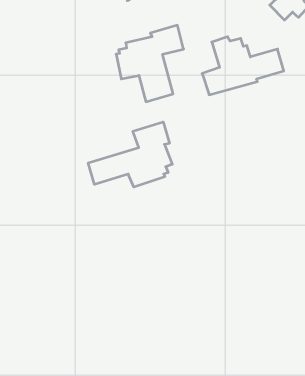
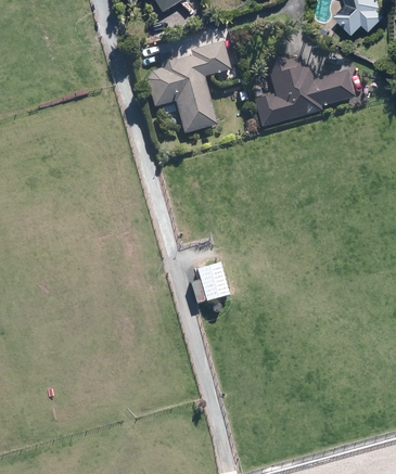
building: [88,122,172,187] -> none
building: none -> [196,260,230,300]

